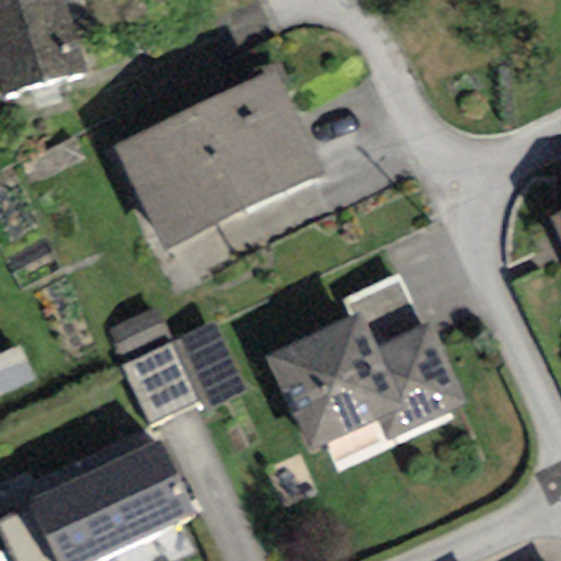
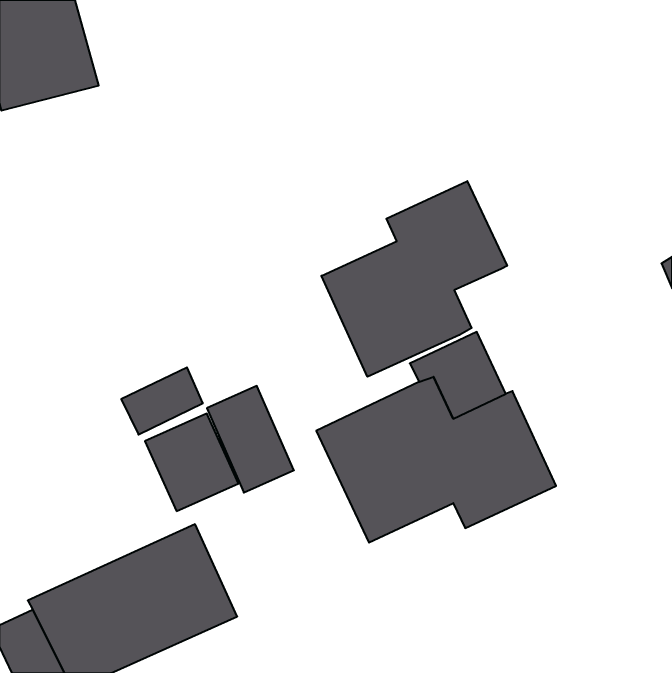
building: [113,69,324,251] -> none
building: none -> [321,181,507,377]

